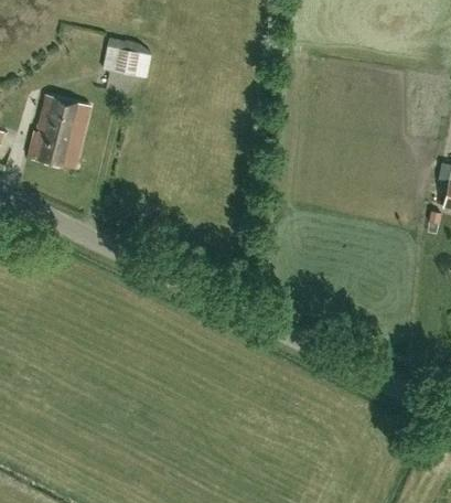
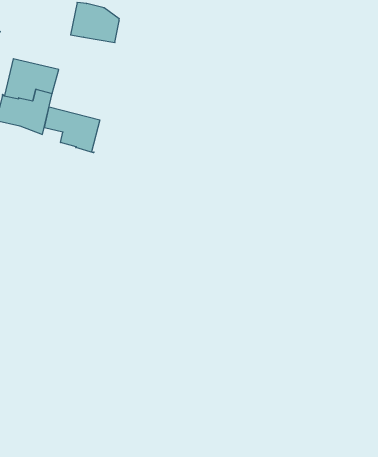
building: none -> [44,107,100,153]

